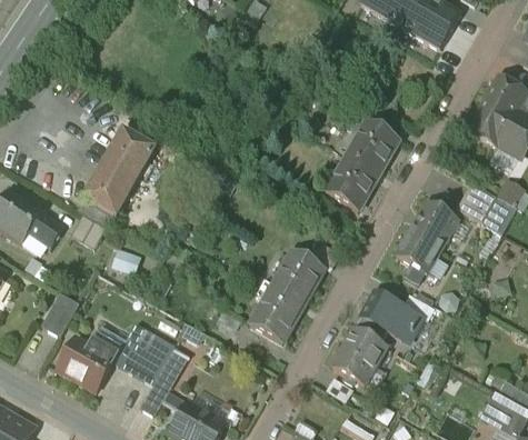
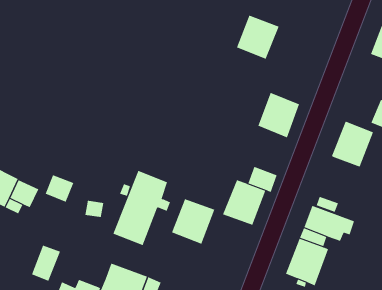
building: [346,120,399,174] -> [236,15,280,60]
building: [82,129,155,217] -> [112,170,171,246]
building: [396,240,436,273] -> none
building: [249,288,303,343] -> [171,199,215,244]

